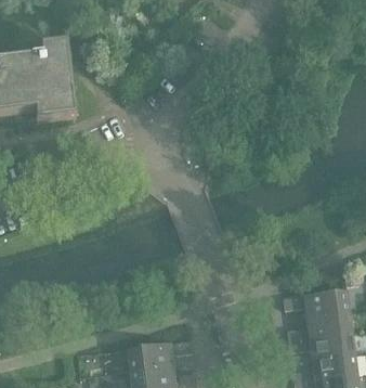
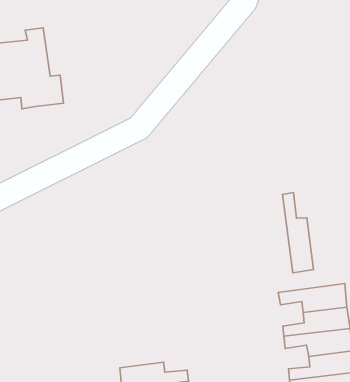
building: none -> [282,193,314,273]
building: [127,339,192,370] -> none

